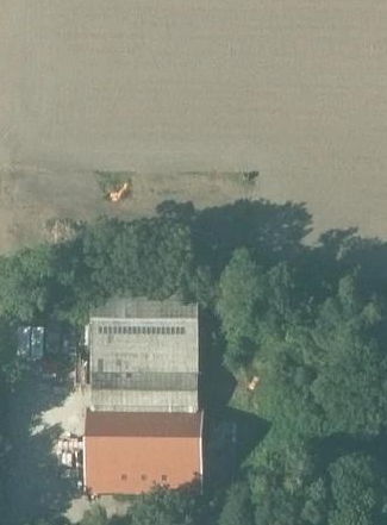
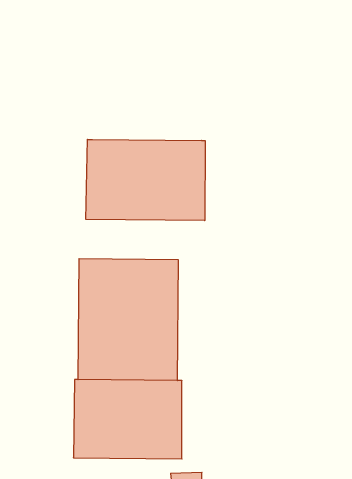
building: none -> [86,139,205,221]

